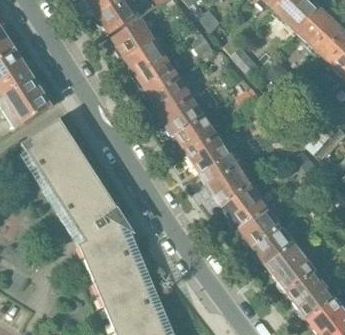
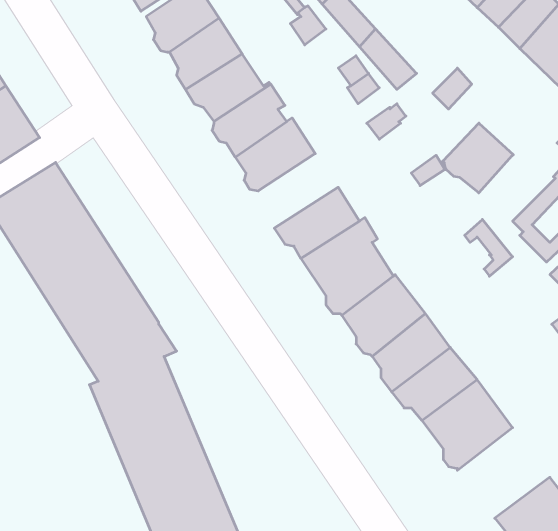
building: none -> [443,123,513,193]
building: [174,114,219,156] -> none
building: [286,268,338,319] -> none

